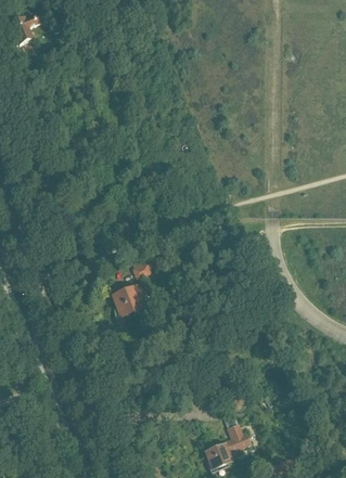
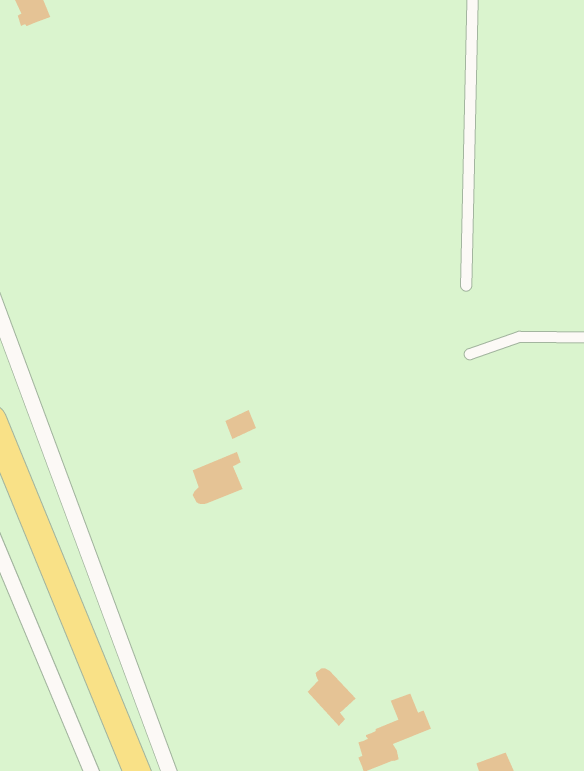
building: none -> [307,668,356,727]

